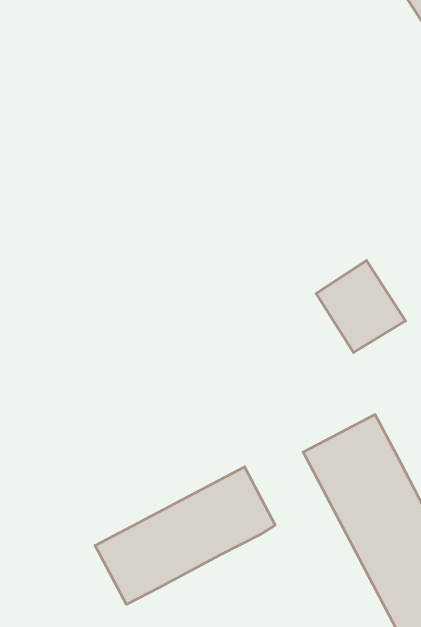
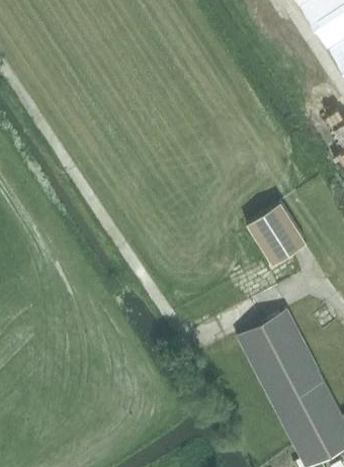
building: [95,467,275,604] -> none

